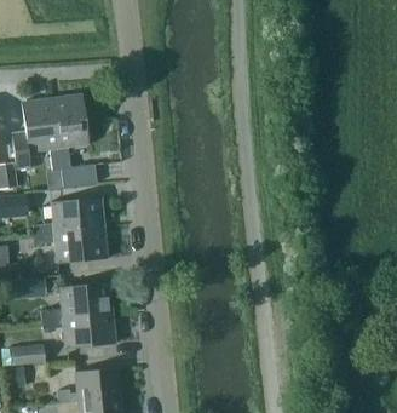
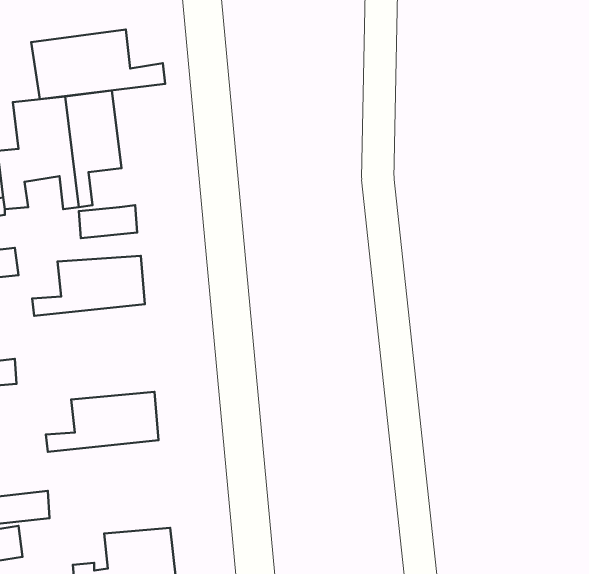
building: none -> [31,29,165,99]
building: [33,228,104,262] -> none
building: [41,312,113,346] -> none

